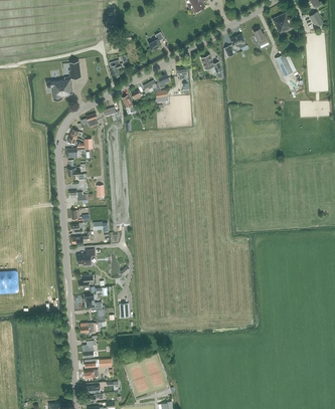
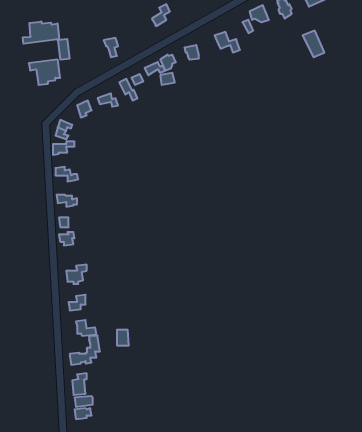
building: none -> [23,21,59,44]

